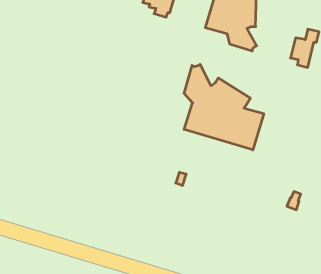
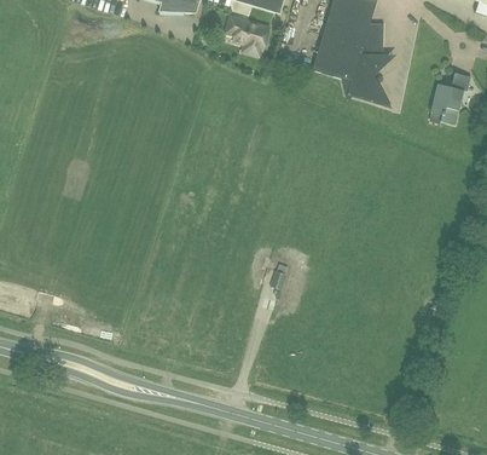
building: [184,64,264,150] -> none

